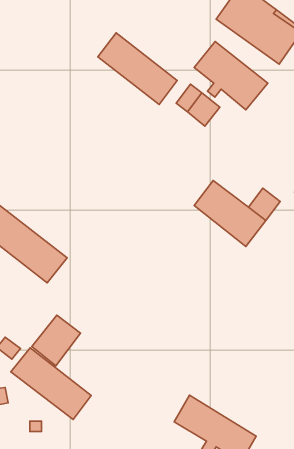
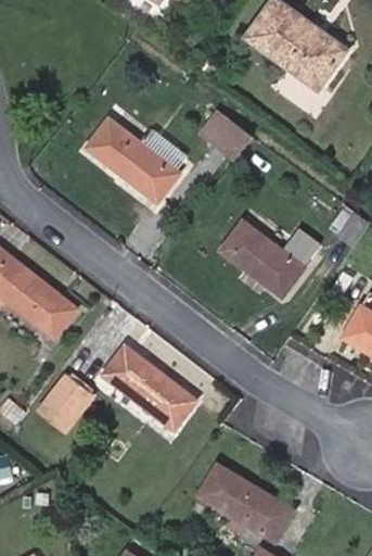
building: [98,33,177,104] -> [89,118,179,200]
building: [194,42,268,110] -> none
building: [11,348,91,419] -> [104,346,195,428]

